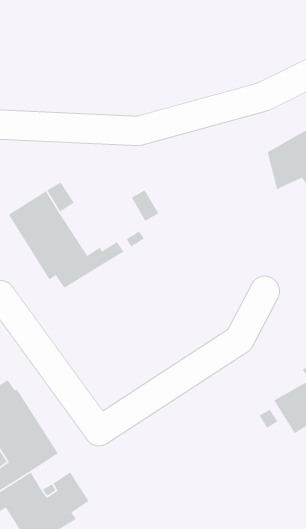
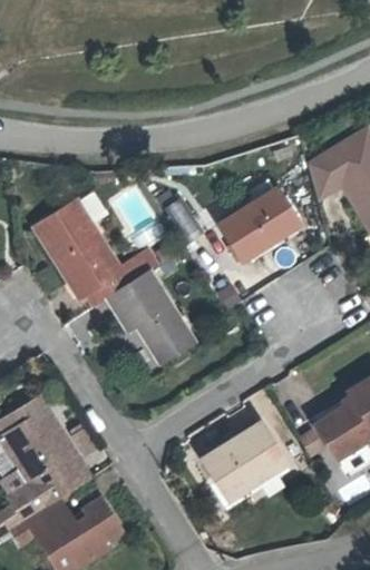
building: none -> [217,180,299,262]
building: none -> [107,272,194,363]
building: none -> [202,423,285,500]

